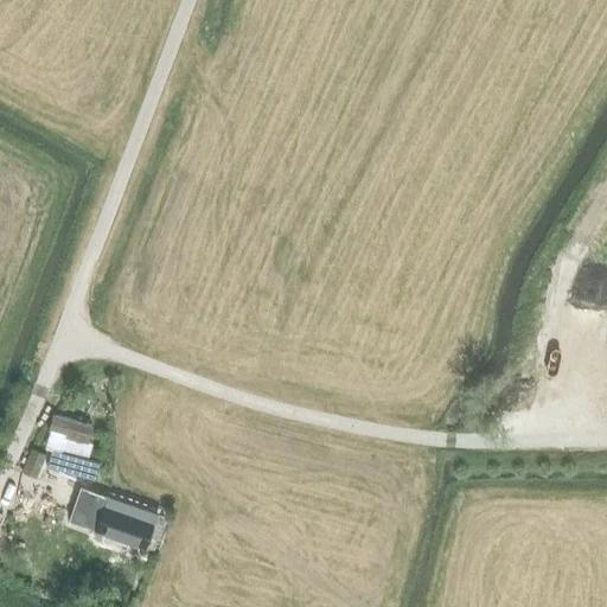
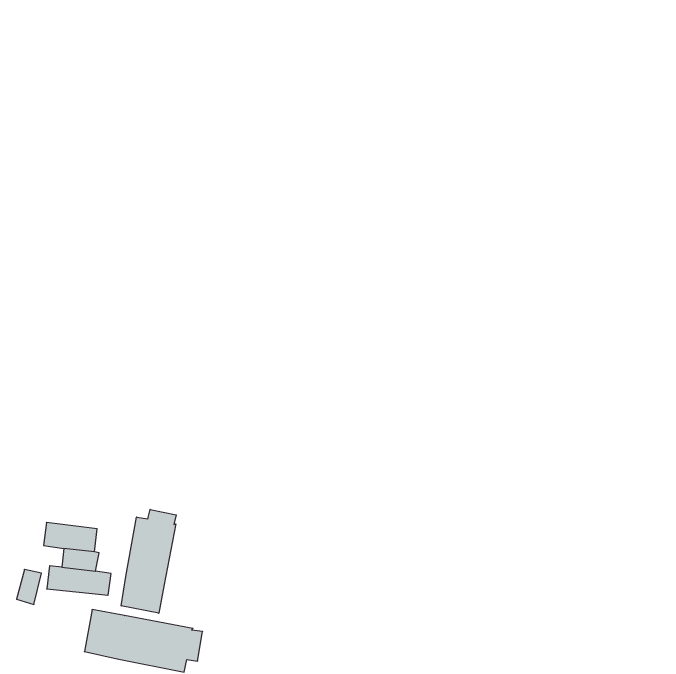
building: none -> [121,509,176,613]

